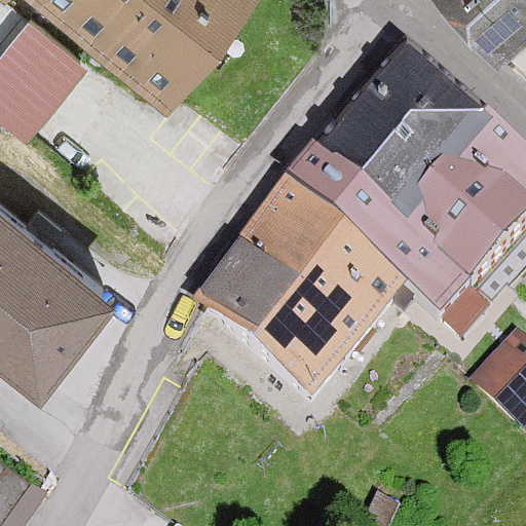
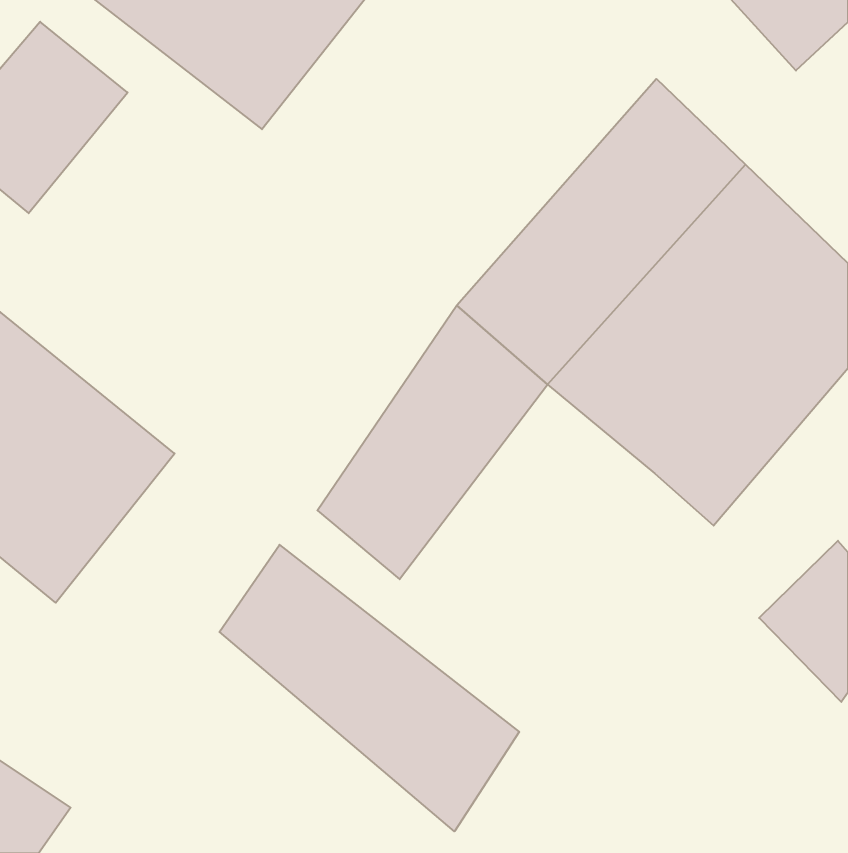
building: [245,235,401,407] -> none
building: none -> [219,545,519,831]

